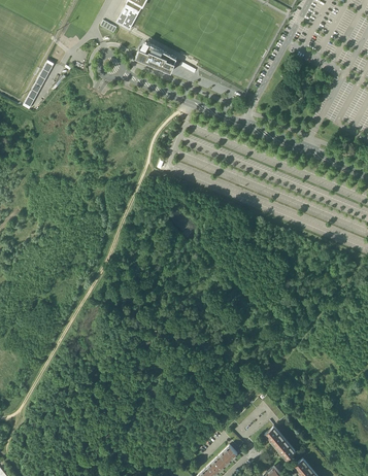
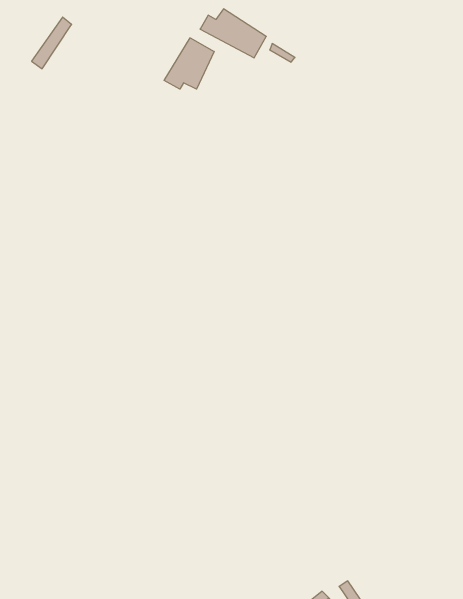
building: none -> [164,38,214,89]

